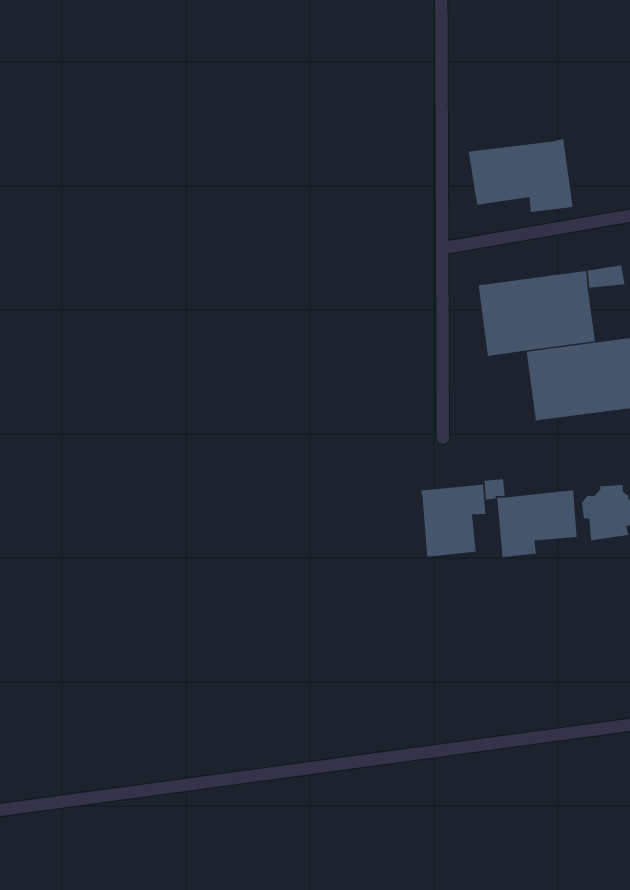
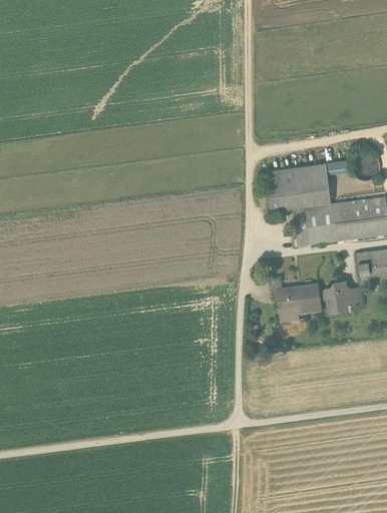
building: [468,138,574,213] -> none
building: [420,484,486,558] -> none

